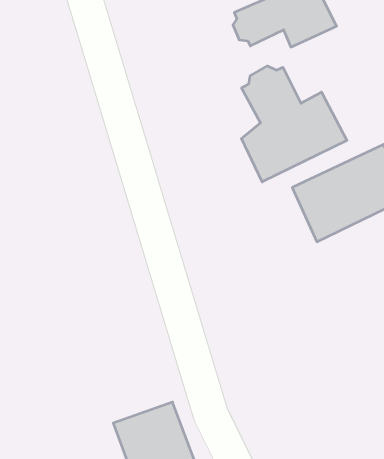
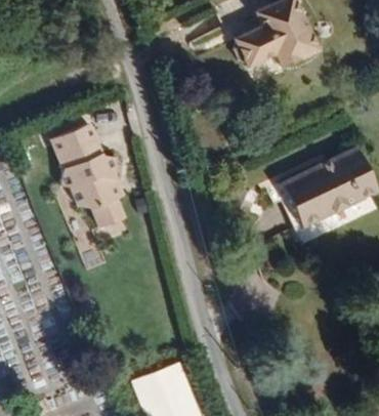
building: [241,66,347,182] -> none
building: none -> [53,127,126,231]

